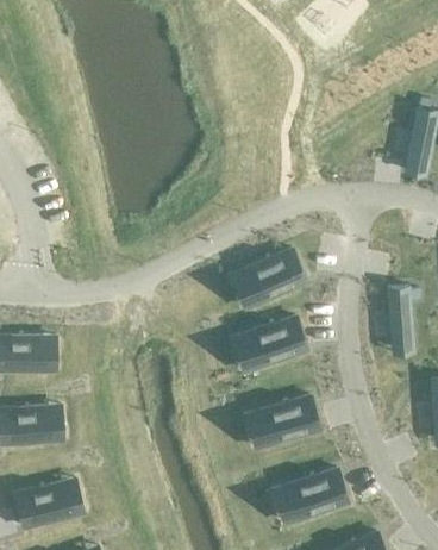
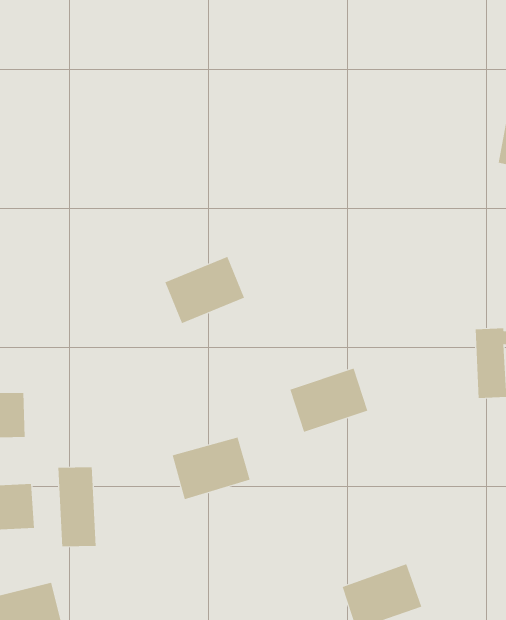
building: [243,251,305,304] -> [165,256,245,324]
building: none -> [58,467,96,547]
building: [258,396,319,445] -> [172,437,251,500]

